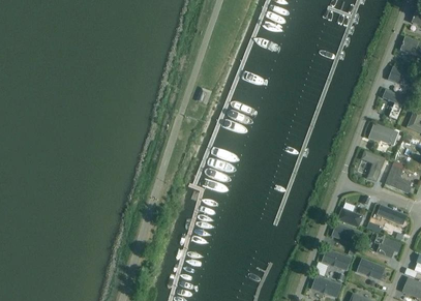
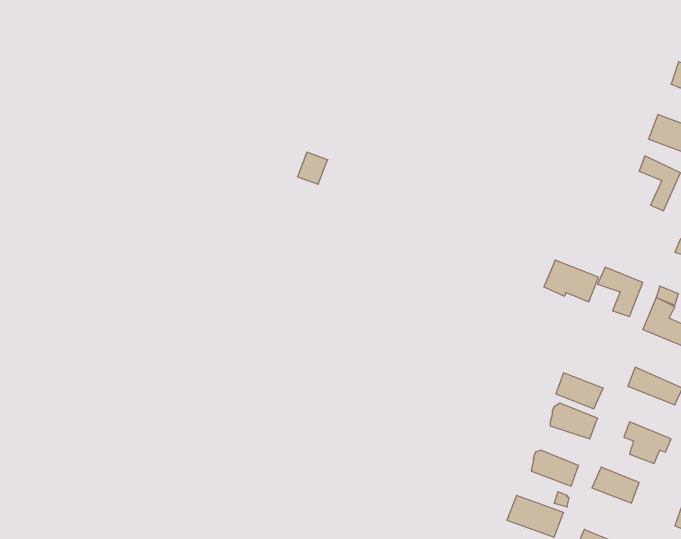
building: [368,123,398,146] -> [544,260,598,302]

